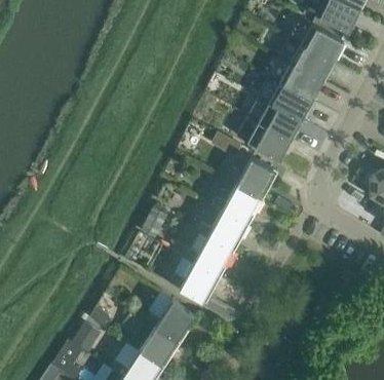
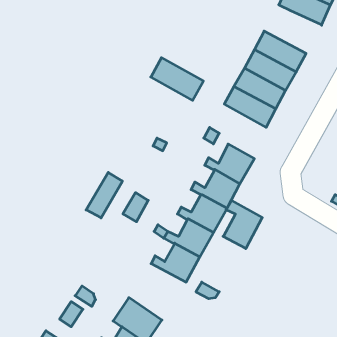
building: [289,15,348,61] -> none
building: [235,114,291,159] -> [151,58,203,100]
building: none -> [86,172,122,218]
building: none -> [223,201,262,249]
building: [146,300,197,342] -> none

